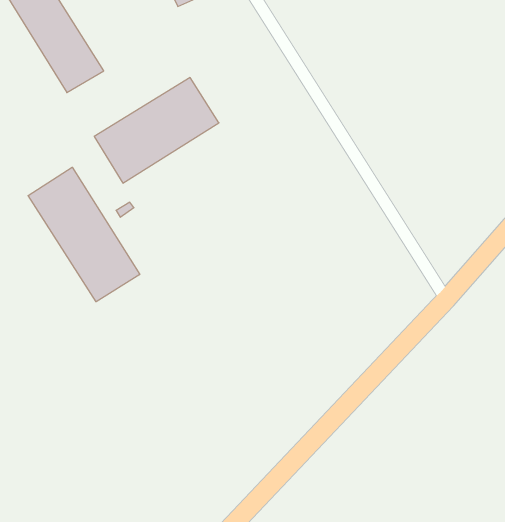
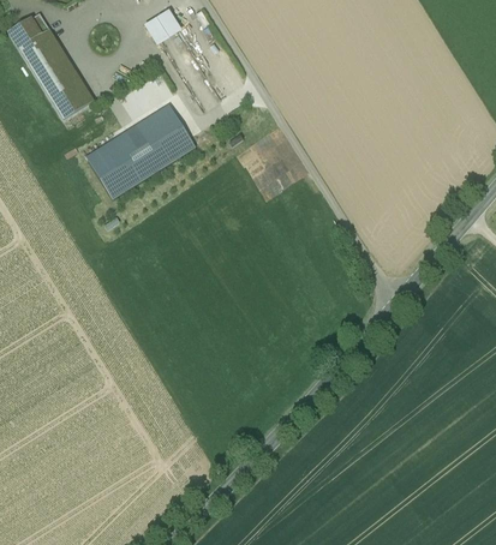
building: [28,167,140,302] -> none

